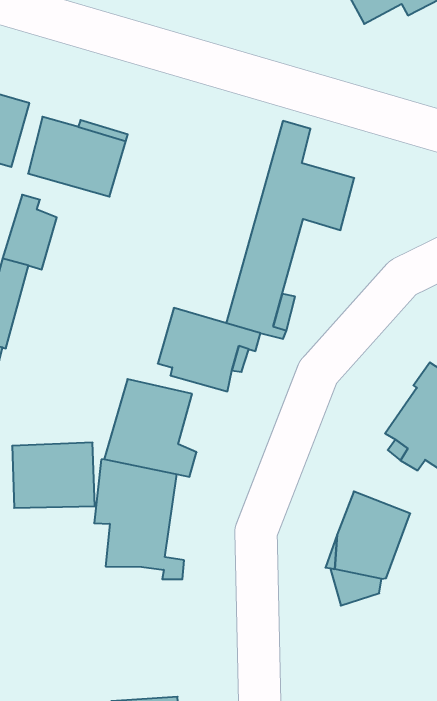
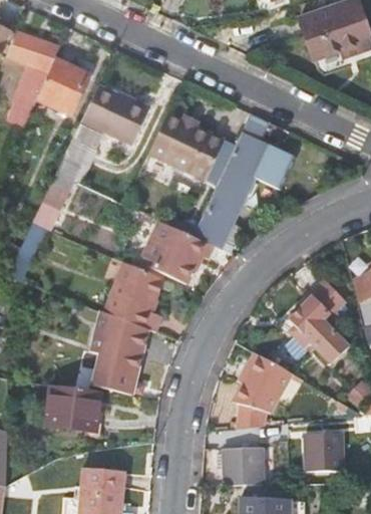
building: none -> [148,112,226,184]
building: [12,443,95,508] -> [44,384,101,432]
building: none -> [225,448,263,485]

